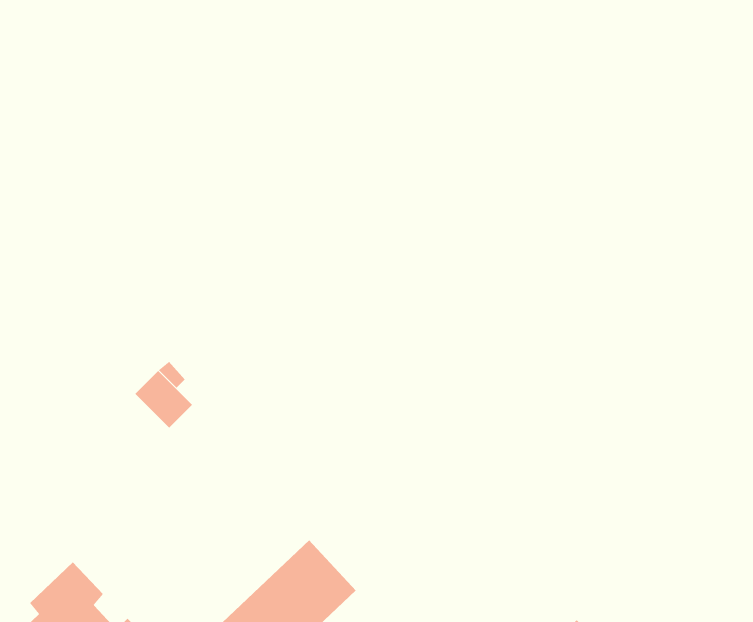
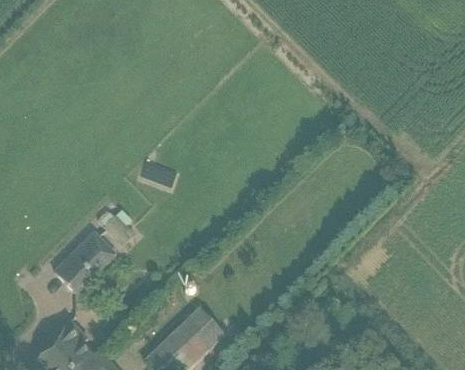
building: none -> [55,231,117,293]

